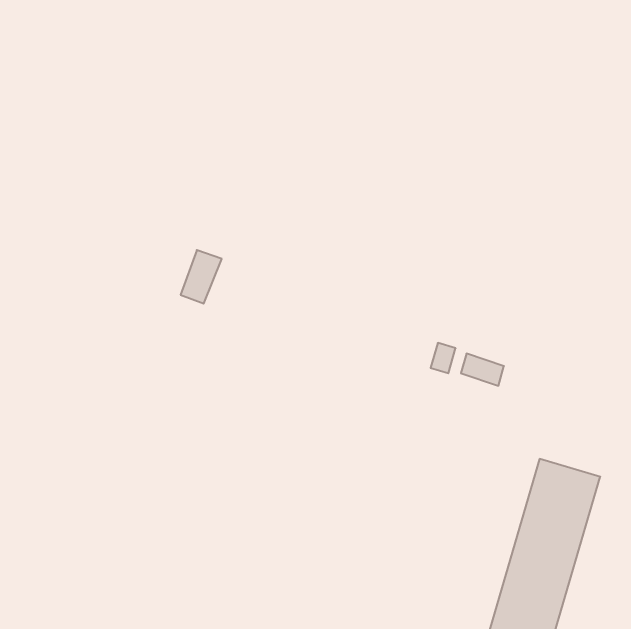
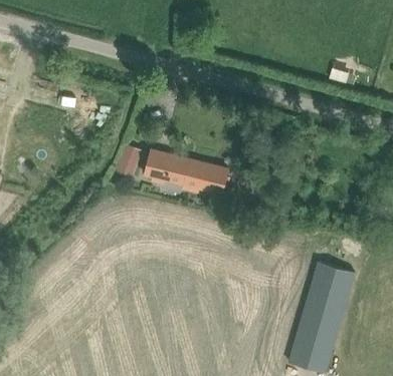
building: none -> [144,148,228,199]

